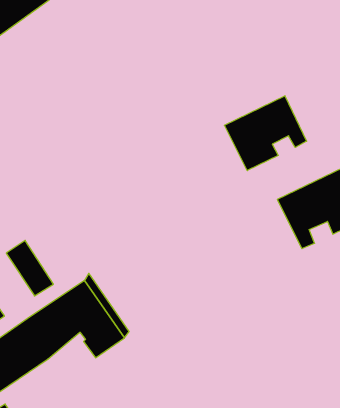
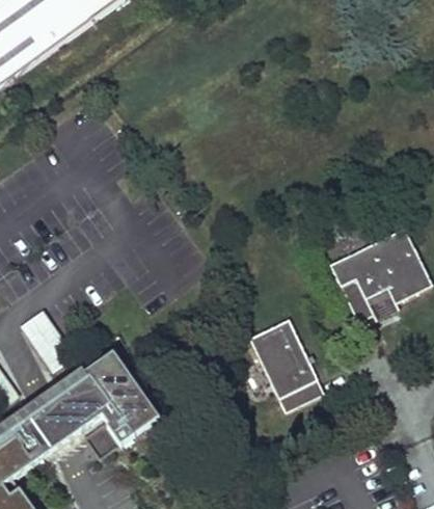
building: [224,96,307,171] -> none
building: none -> [246,318,322,410]

